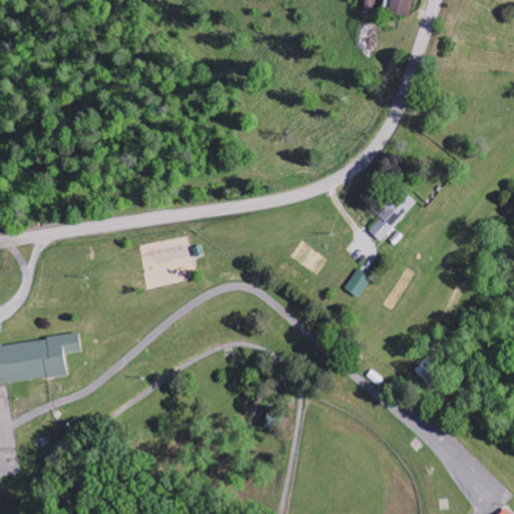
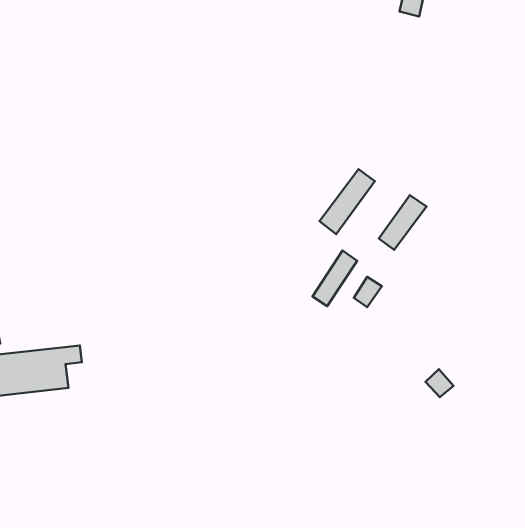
building: none -> [320,169,375,234]
building: none -> [313,250,357,306]

